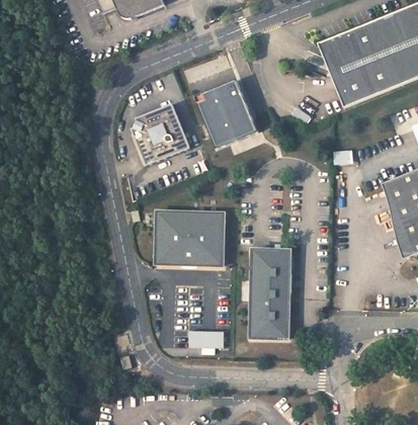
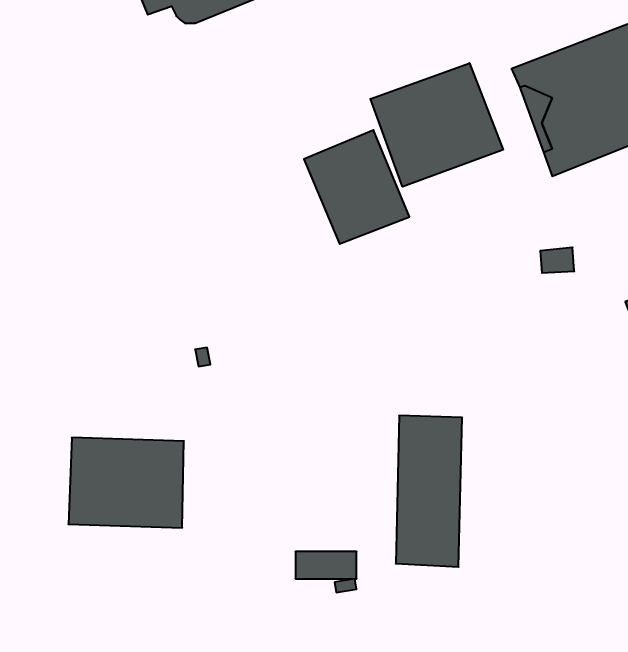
building: none -> [370,63,503,187]
building: [132,102,189,164] -> none
building: [155,210,224,264] -> [68,438,184,528]

